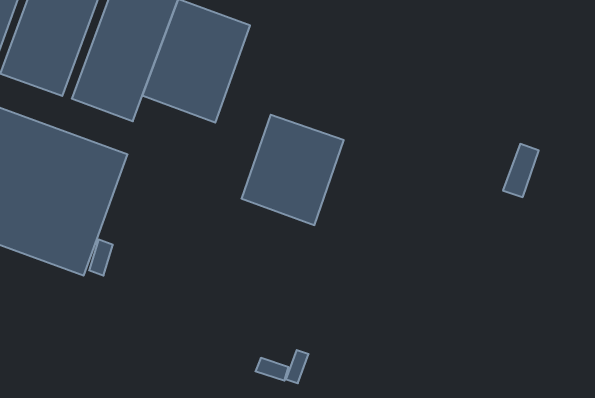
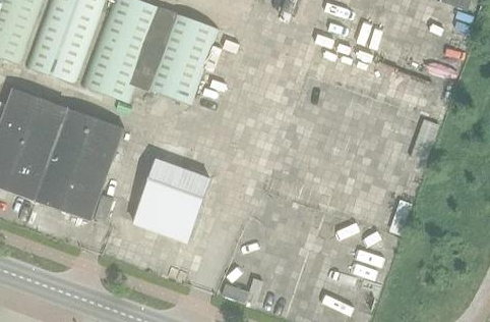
building: [241,115,344,225] -> [132,159,210,244]

